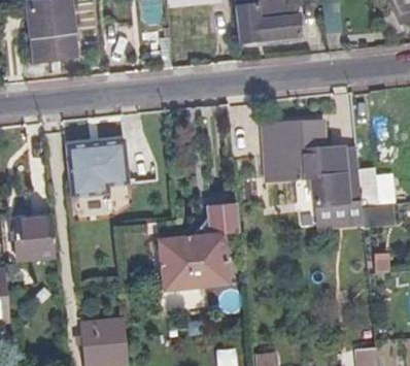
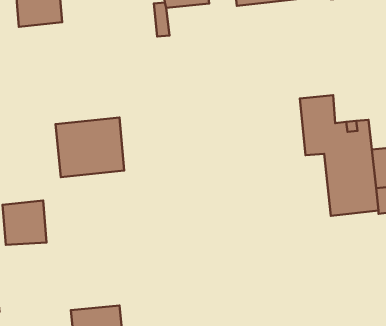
building: [267,124,299,179] -> none
building: [161,193,243,292] -> none

